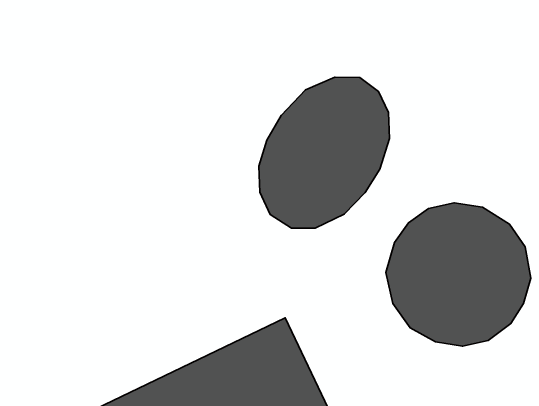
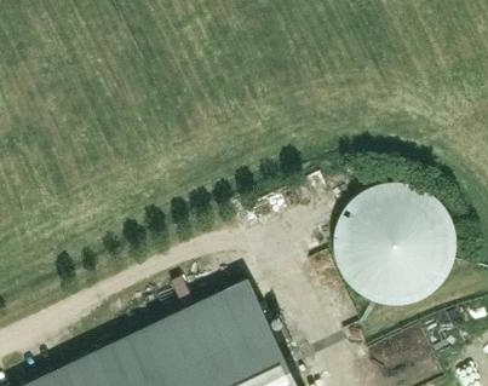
building: [259,77,389,228] -> none

